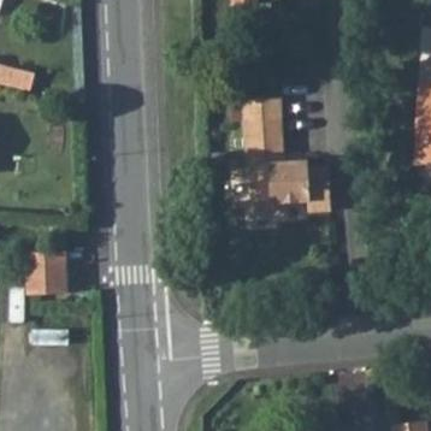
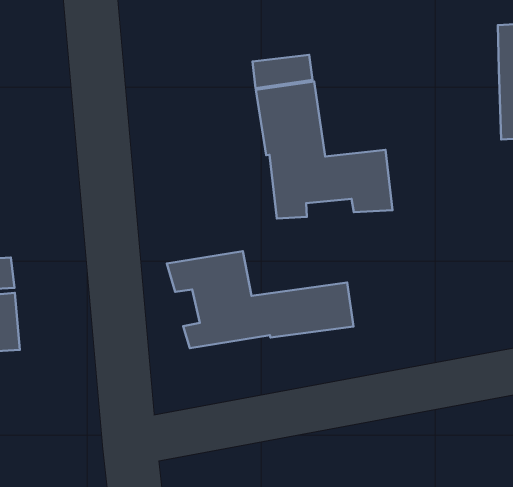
building: none -> [167,251,353,348]

